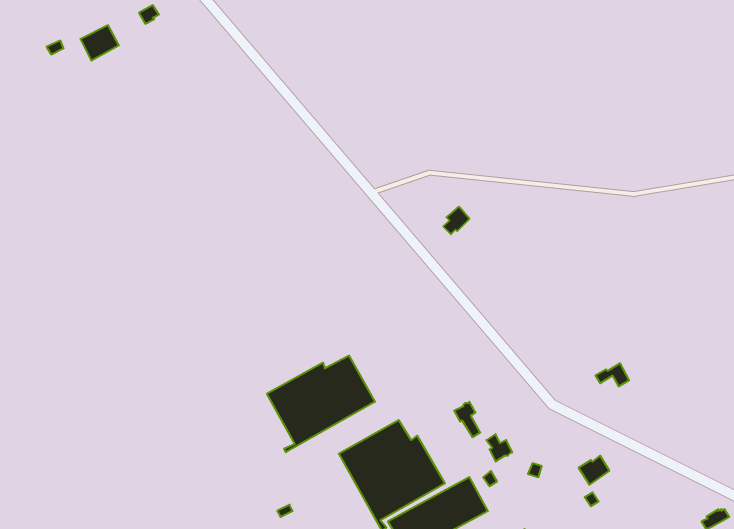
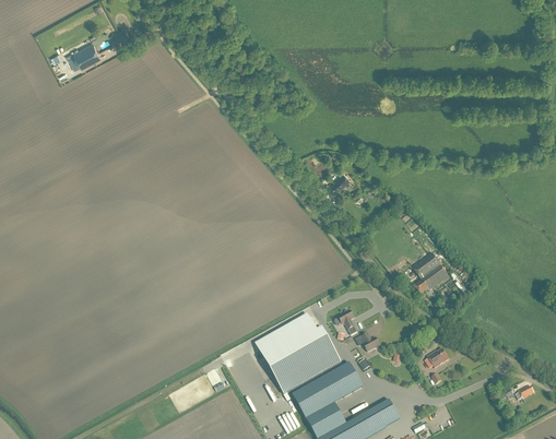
building: none -> [413,251,450,294]
building: [267,356,375,452] -> none

